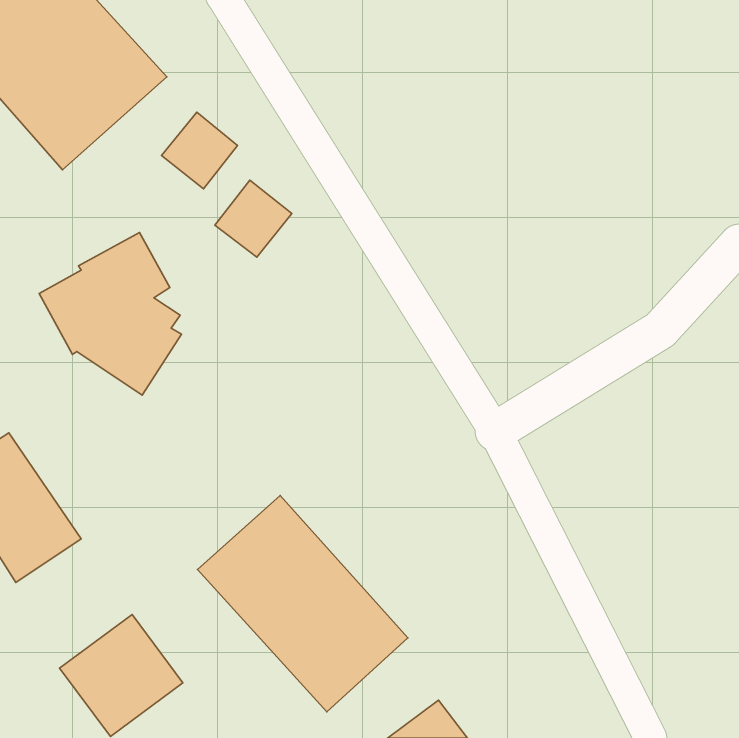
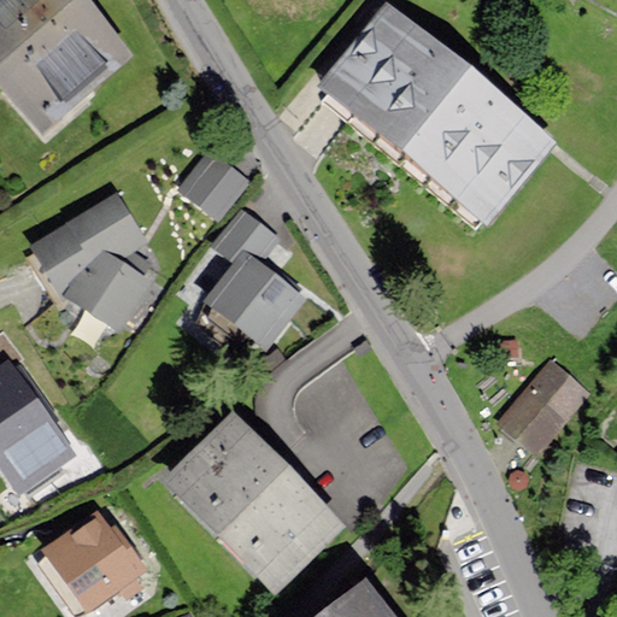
building: none -> [321,12,554,228]
building: [162,112,237,189] -> none
building: none -> [205,210,302,343]
building: none -> [498,359,584,453]

